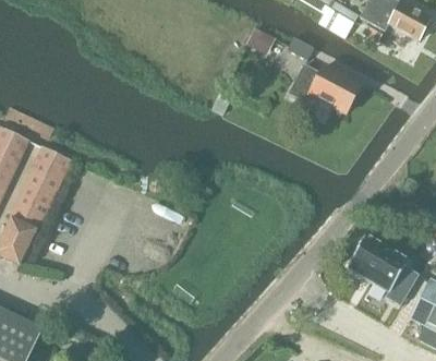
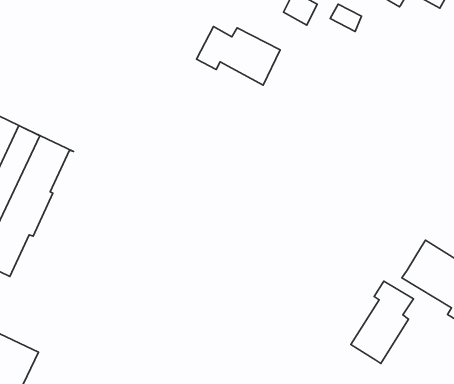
building: [290,63,360,112] -> [197,27,280,85]
building: none -> [351,281,414,363]

